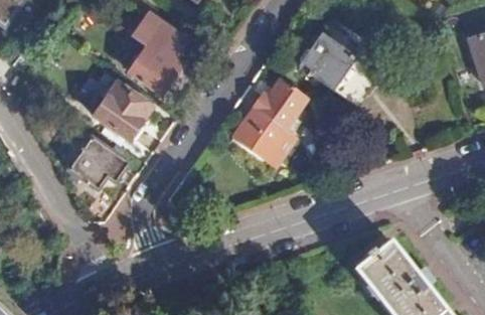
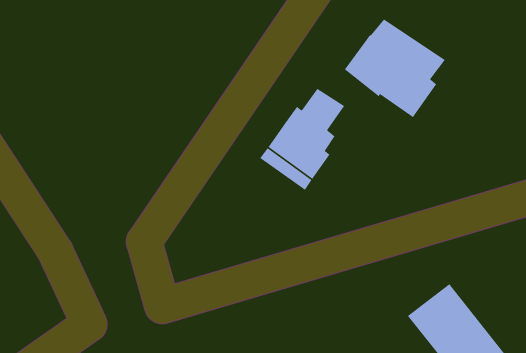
building: [130,11,187,92] -> none
building: [93,82,151,139] -> none
building: [67,137,126,188] -> none

